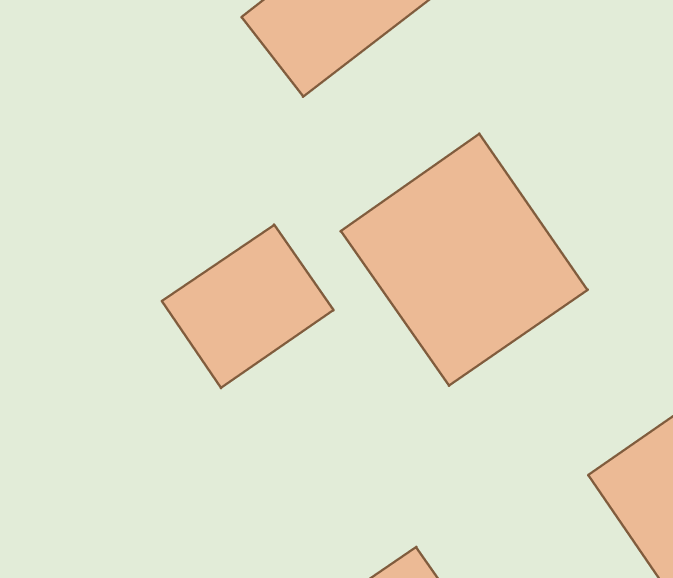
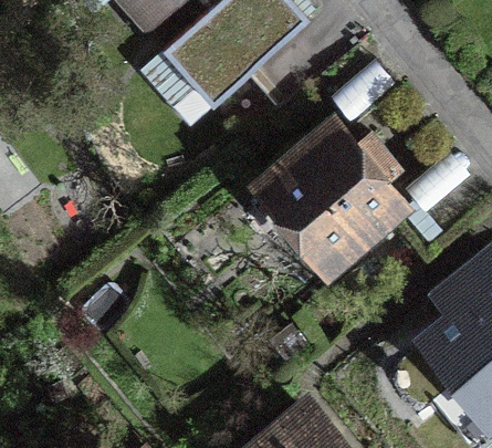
building: [162,225,333,388] -> none

